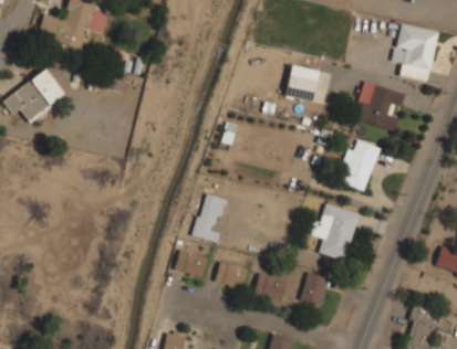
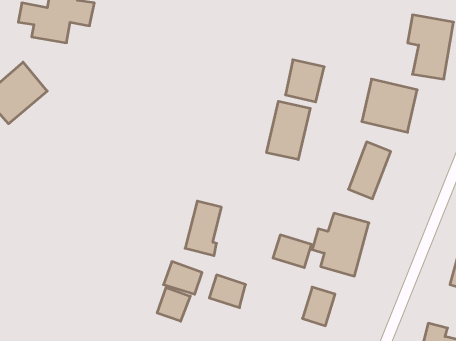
building: none -> [267,101,310,160]
building: [252,272,288,302] -> [273,235,312,268]
building: none -> [157,287,190,321]

